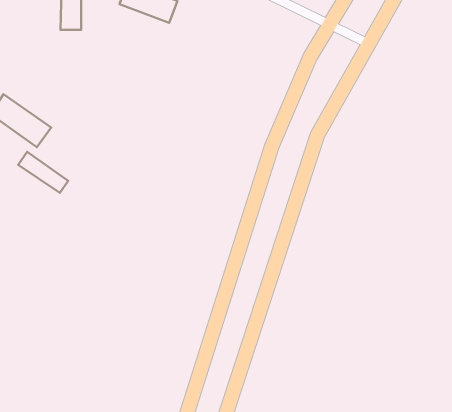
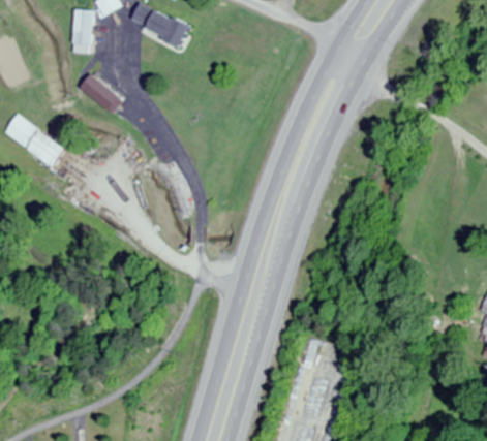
building: none -> [79,73,122,116]
building: [18,152,68,193] -> none

